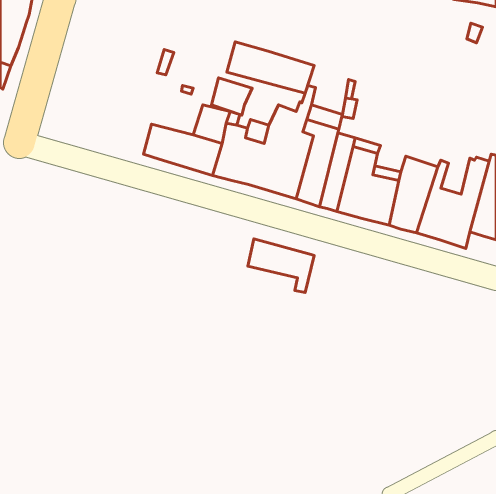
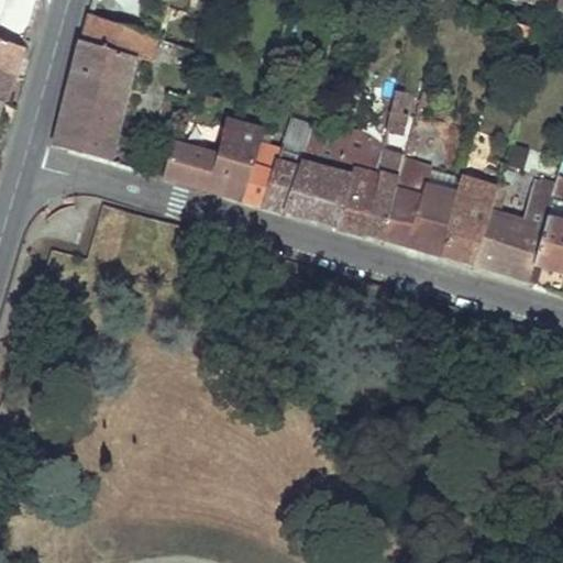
building: none -> [54,12,155,158]
building: [227,42,314,93] -> none
building: [211,78,252,115] -> none
building: [248,239,314,292] -> none

